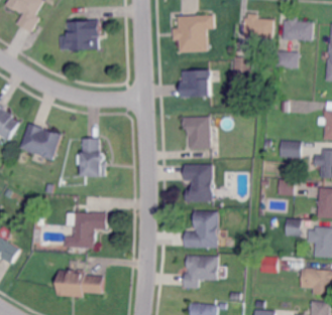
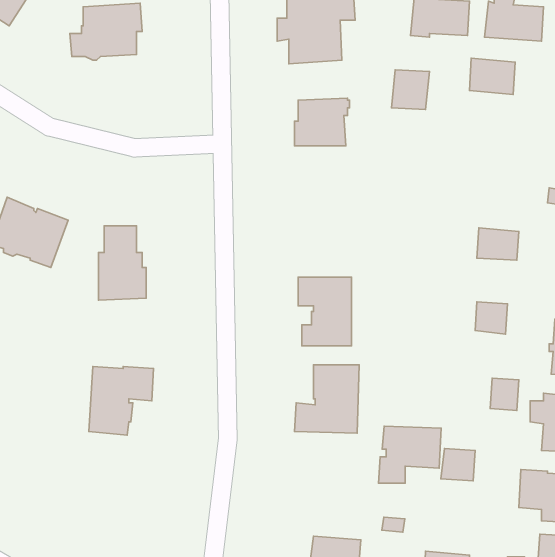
building: [180,117,209,149] -> none
building: [184,255,217,285] -> [378,426,441,483]
building: [59,269,103,295] -> none

